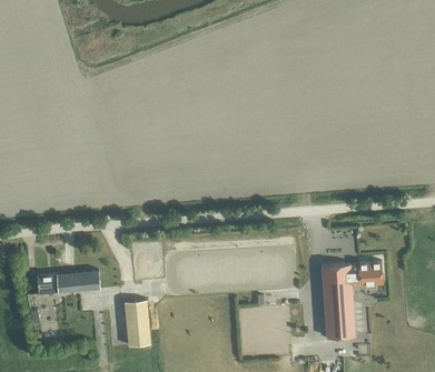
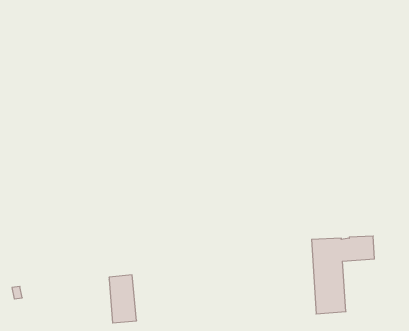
building: [37,271,100,294] -> none

